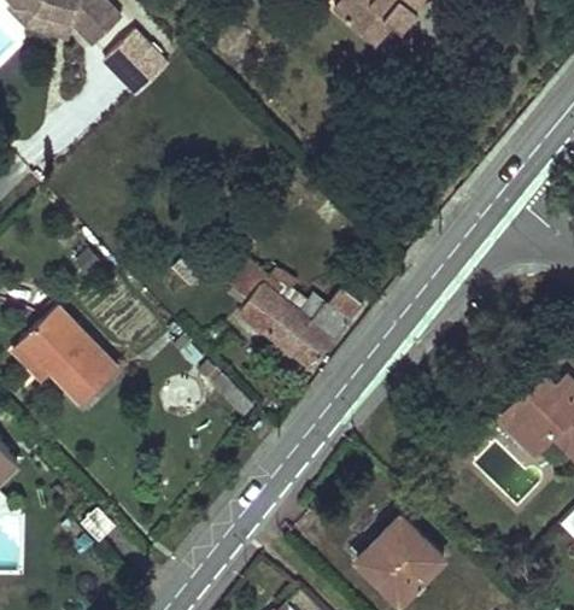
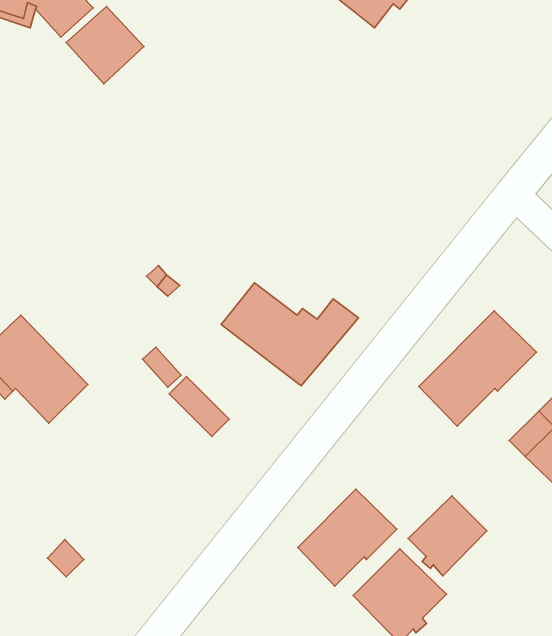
building: none -> [419,311,537,426]
building: none -> [298,489,397,586]
building: none -> [408,496,487,576]

